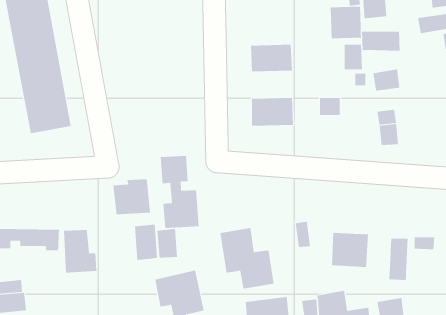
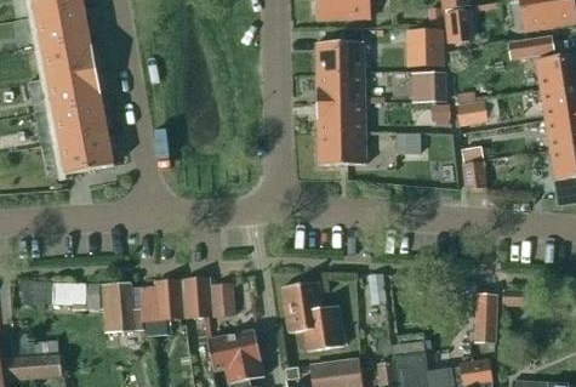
building: none -> [316,28,364,73]
building: [362,31,400,52] -> none
building: none -> [318,102,365,133]
building: [160,155,199,229] -> none
building: [113,179,151,215] -> [139,279,183,320]
building: [332,232,369,268] -> none

